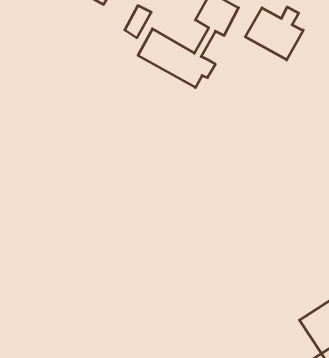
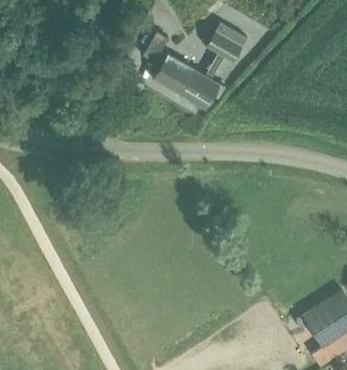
building: [245,7,303,60] -> none

